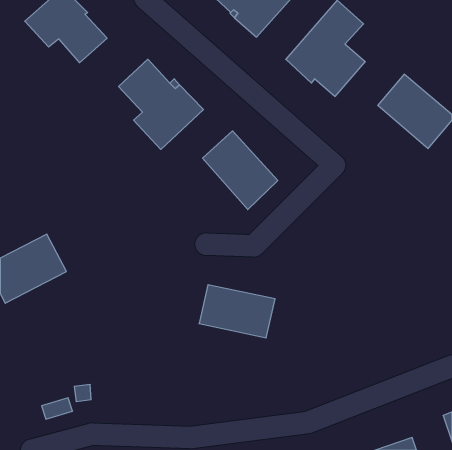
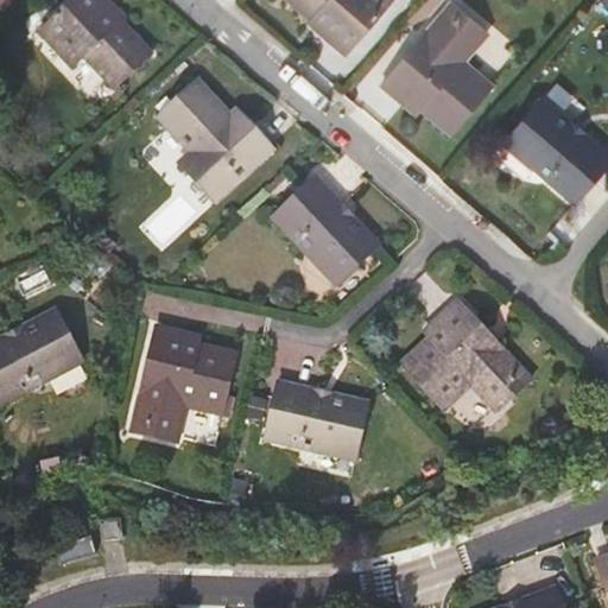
building: none -> [401,302,530,410]
building: none -> [133,329,236,442]

